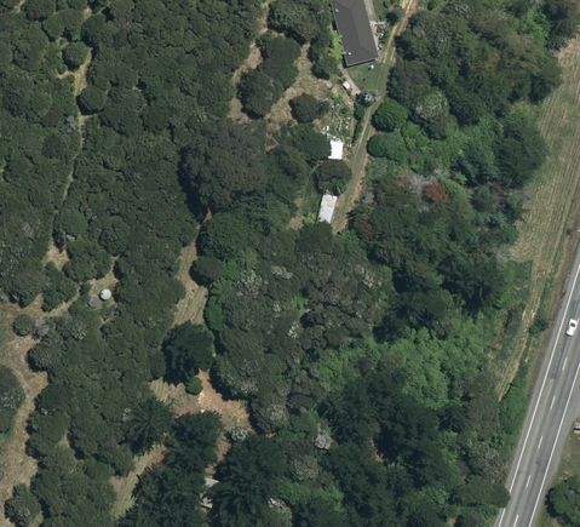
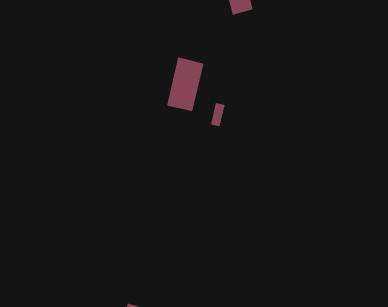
building: none -> [166,57,204,112]

